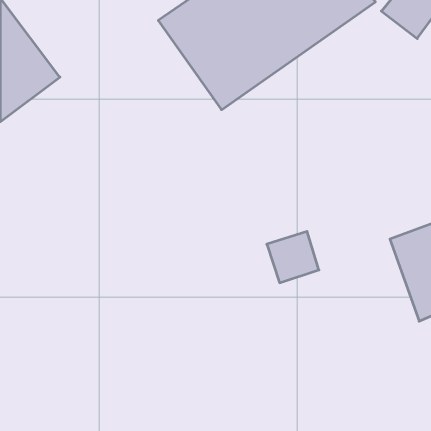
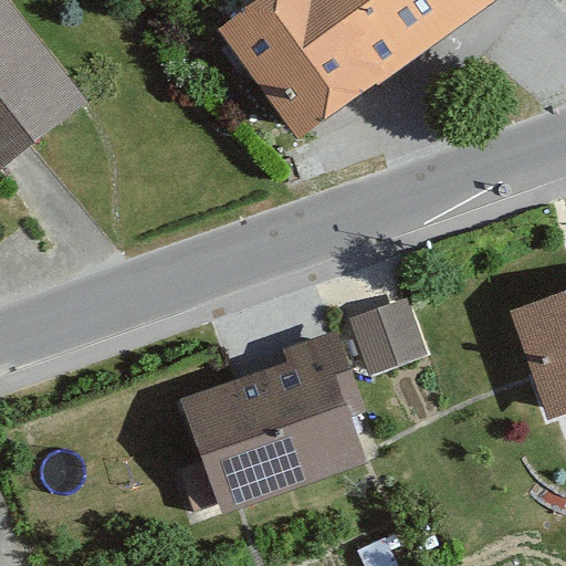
building: none -> [177,332,361,513]

